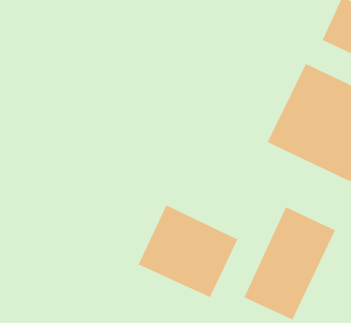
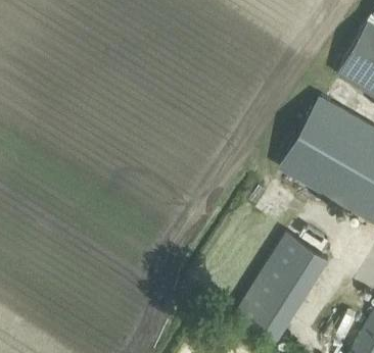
building: [138,204,238,298] -> none

